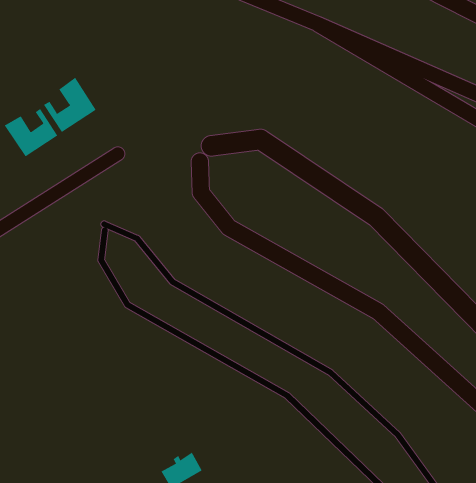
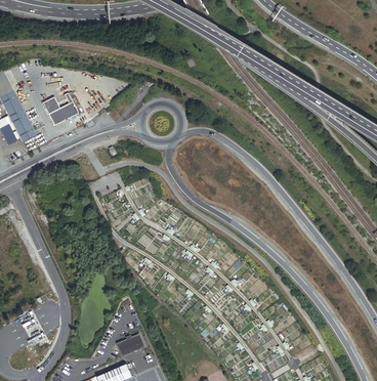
building: [43,77,96,133] -> none

